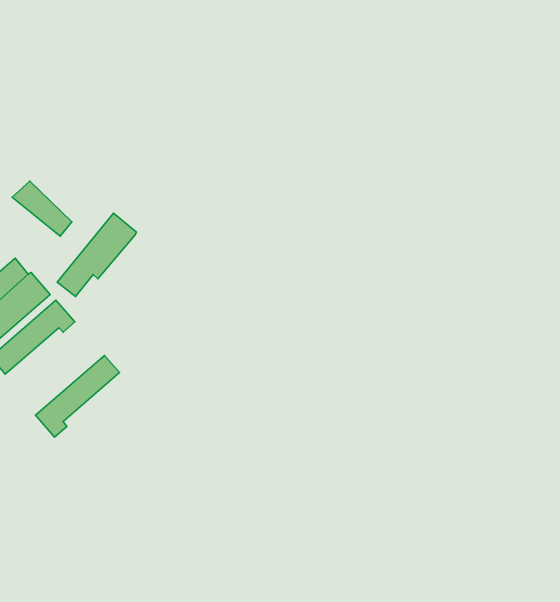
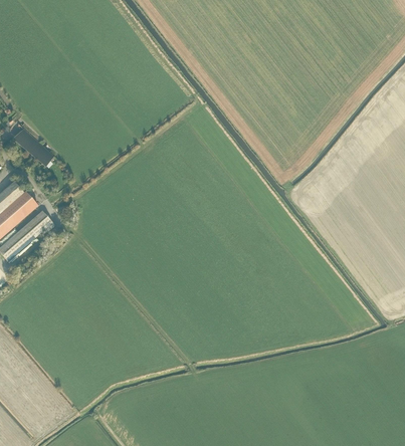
building: [57,213,137,297] -> none
building: [35,355,120,437] -> none

